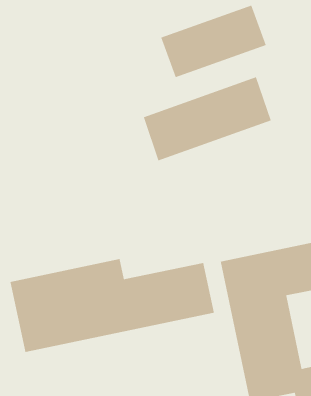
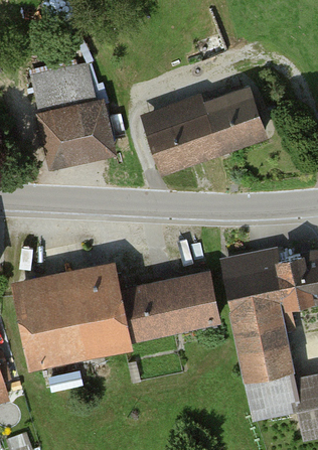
building: [160,4,267,78] -> none
building: none -> [30,61,120,166]

